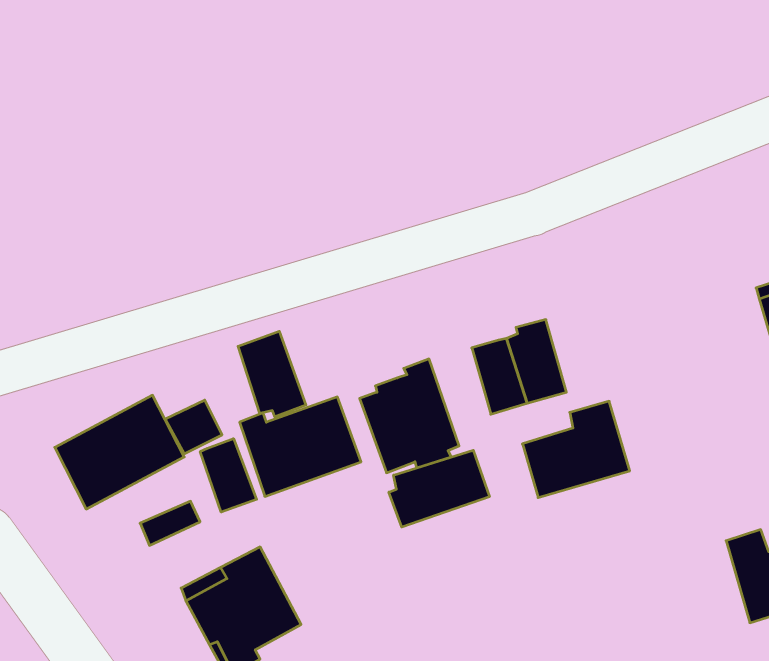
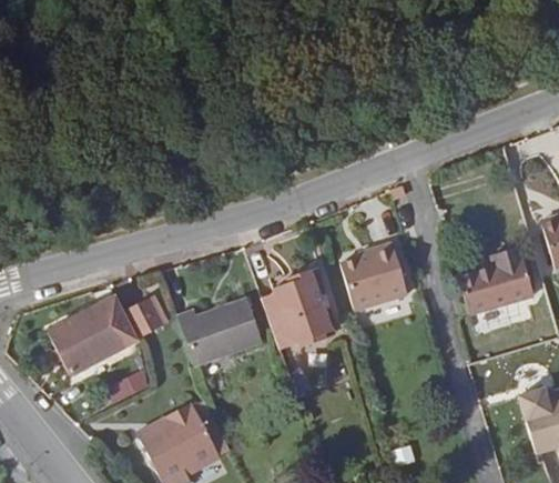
building: [238,331,306,417] -> none
building: [522,401,630,498] -> [458,246,533,314]
building: [200,439,257,512] -> none
building: [389,450,489,527] -> none

